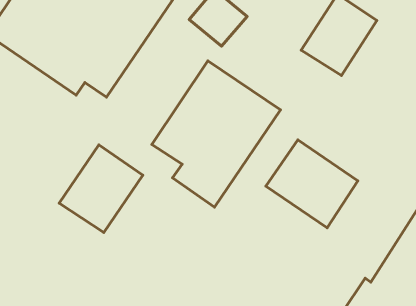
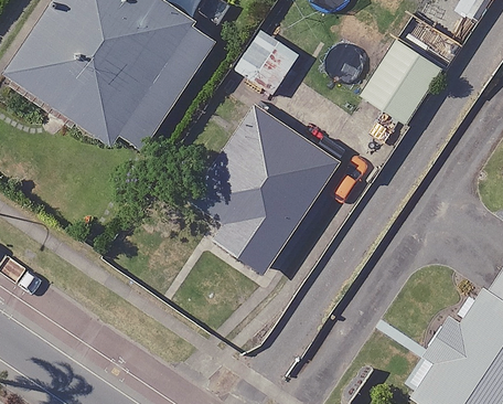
building: [266,140,358,228] -> none
building: [59,145,143,232] -> none

